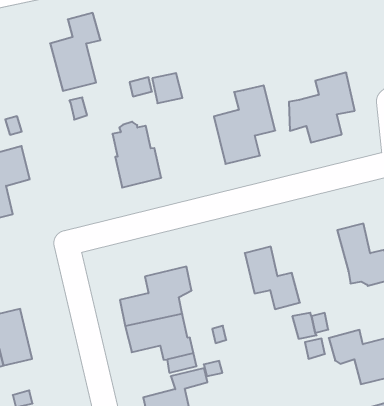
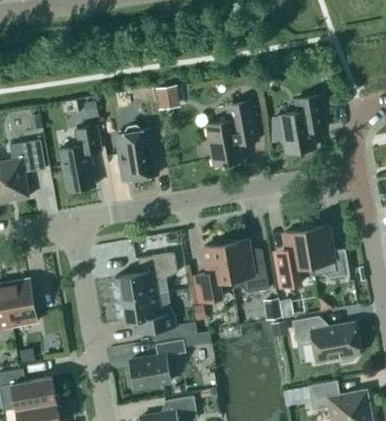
building: [50,13,101,91] -> [59,126,102,191]
building: none -> [277,229,314,287]
building: none -> [196,244,231,301]

